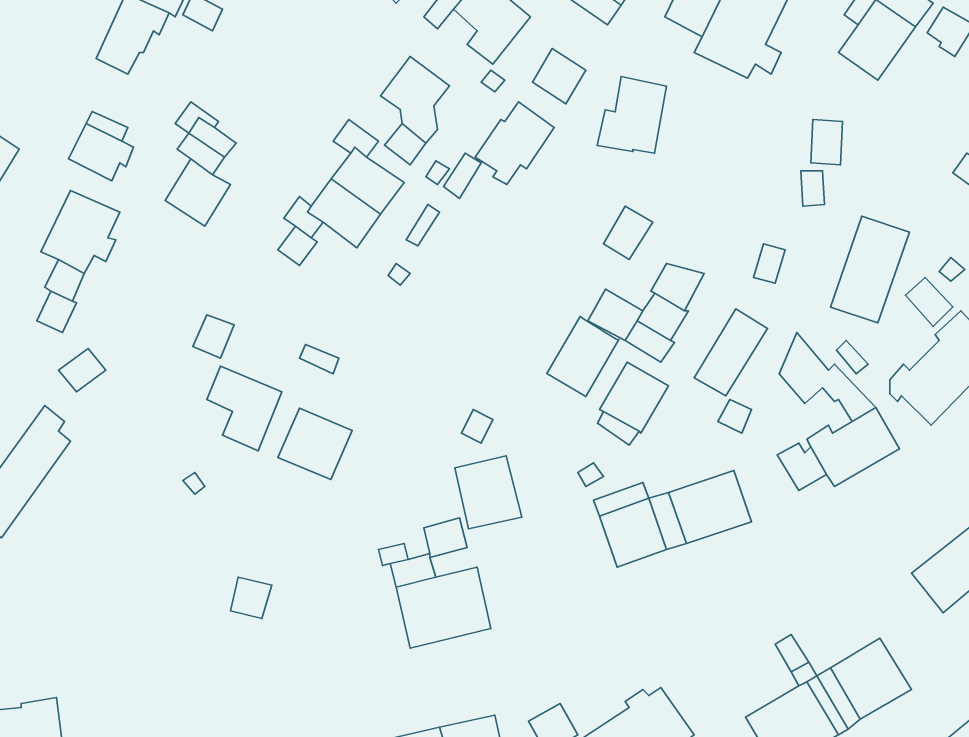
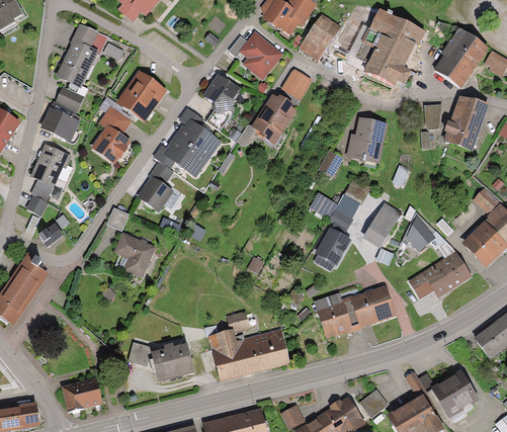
building: none -> [121,74,165,115]
building: [597,76,666,153] -> [347,118,383,158]
building: none -> [56,86,84,110]
building: [830,216,909,323] -> [445,96,486,151]
building: none -> [139,178,169,208]
building: [547,316,619,397] -> none
building: [278,408,352,480] -> none
building: [455,456,522,529] -> [253,330,287,367]
building: none -> [151,342,194,379]
building: none -> [61,379,101,415]
building: none -> [357,388,385,416]

